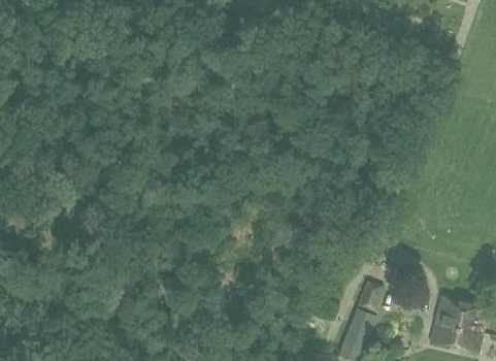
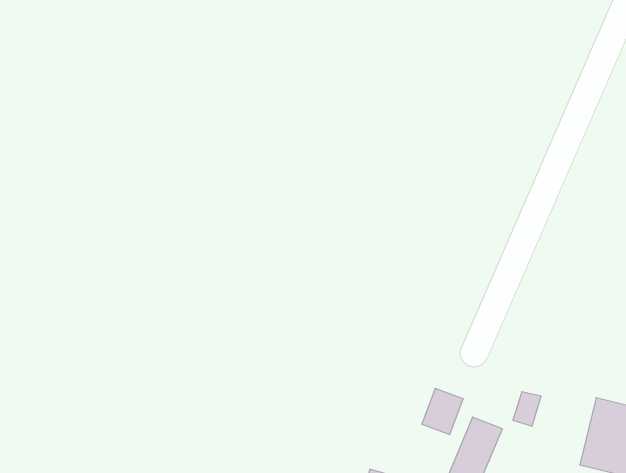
building: [356,281,385,313] -> [422,388,463,435]

